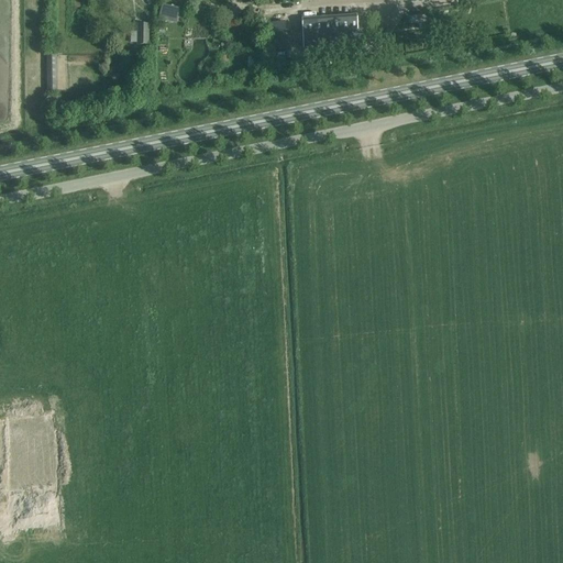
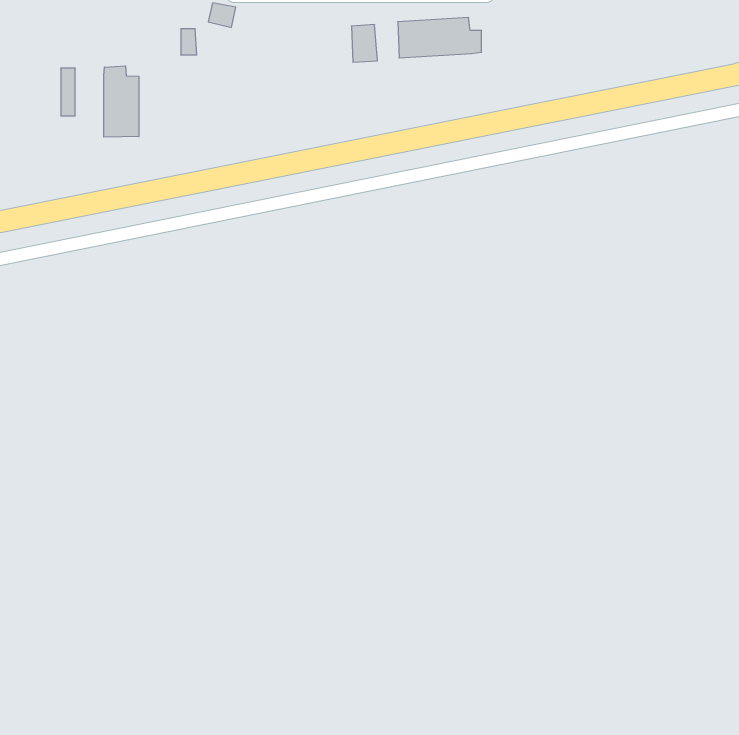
building: none -> [104,66,139,137]

